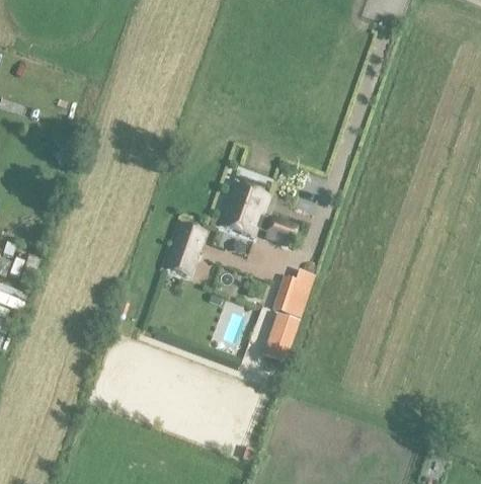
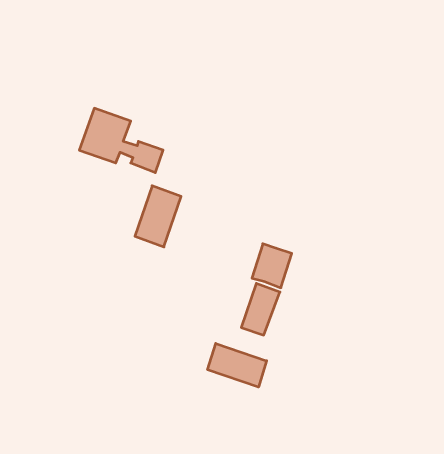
building: [220,180,299,241] -> [79,108,163,173]
building: none -> [208,343,267,387]

